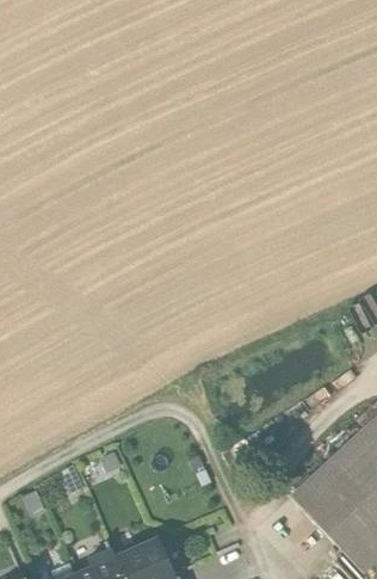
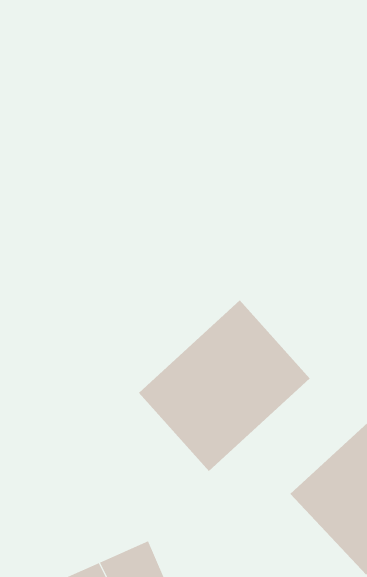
building: none -> [138,299,311,472]

